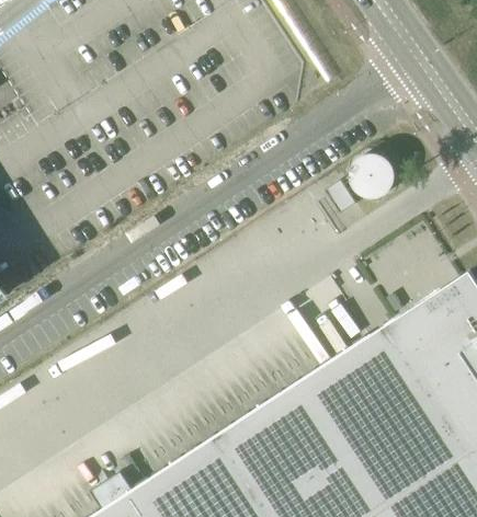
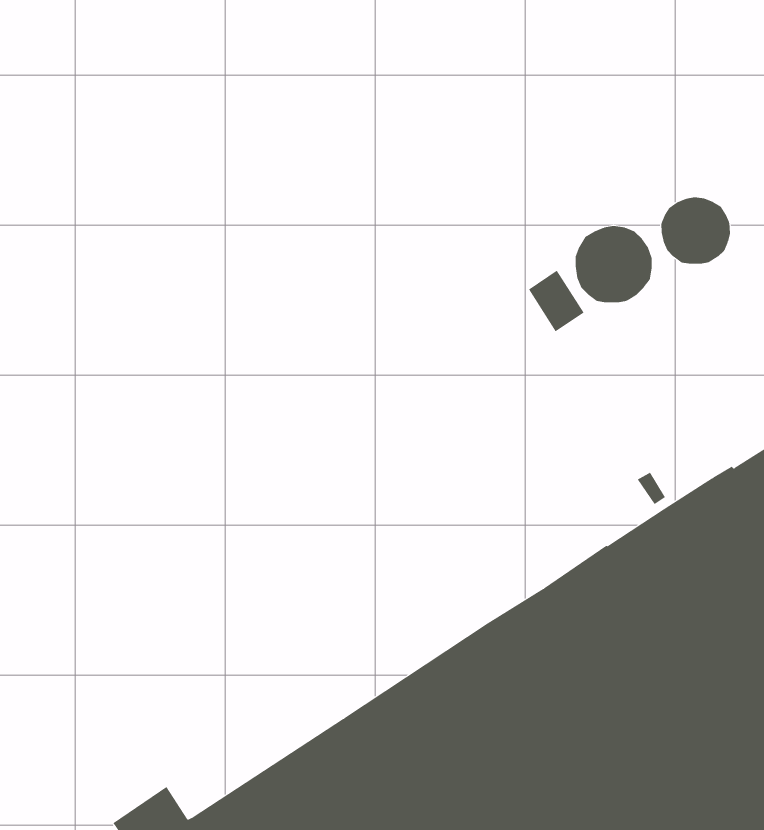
building: none -> [661,196,731,265]

